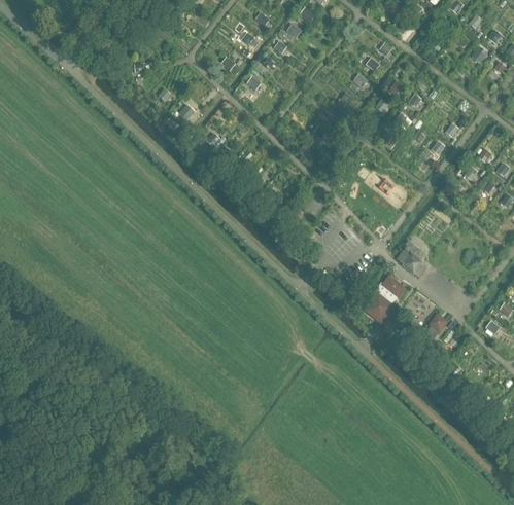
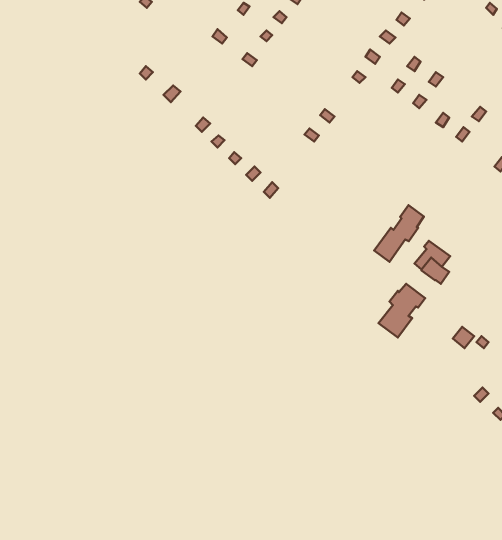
building: none -> [374,205,424,262]

